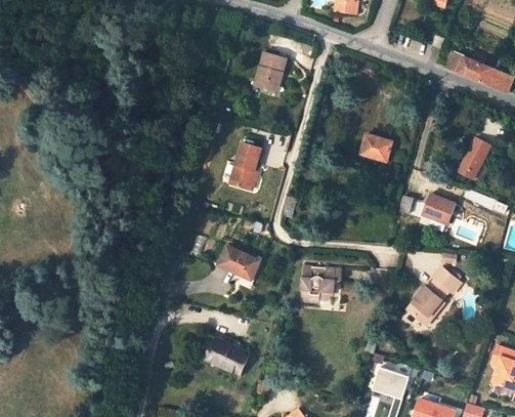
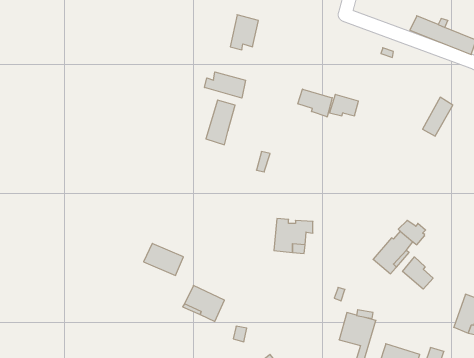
building: none -> [205,72,245,98]
building: none -> [298,89,332,117]
building: [400,194,455,224] -> none
building: [217,246,259,280] -> [144,243,183,275]
building: none -> [403,257,433,289]

